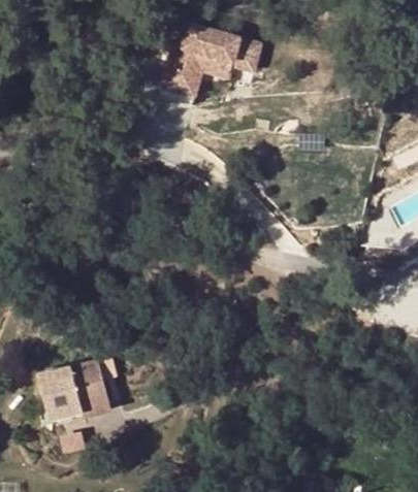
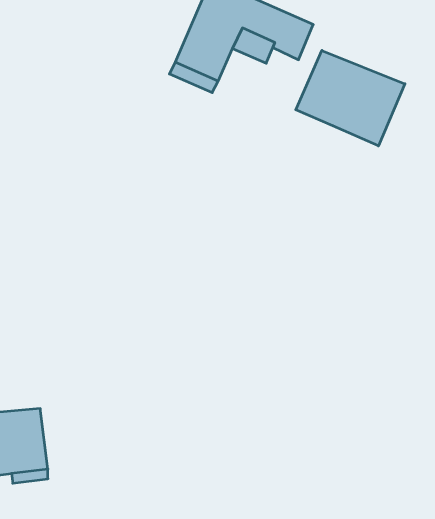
building: none -> [296,50,405,146]

